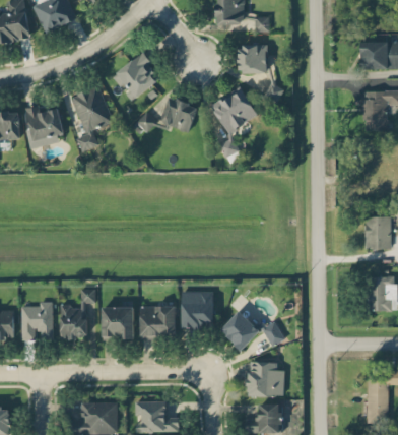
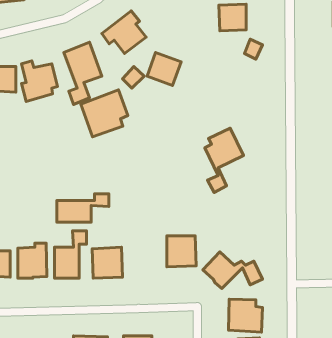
building: [215,88,257,158] -> [205,128,244,192]
building: none -> [81,90,128,137]
building: none -> [57,194,109,222]
building: [140,306,176,336] -> none

